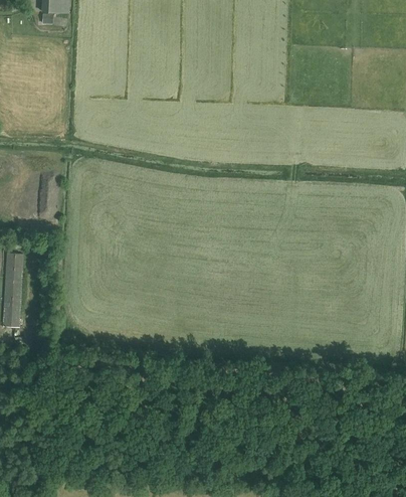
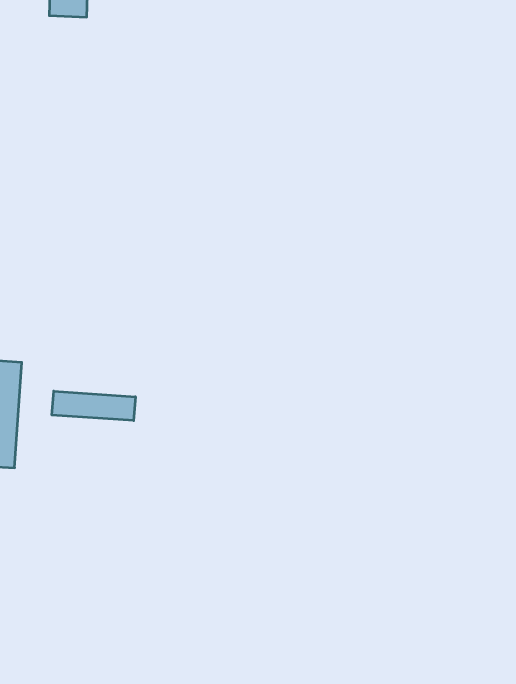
building: none -> [52,391,135,421]

